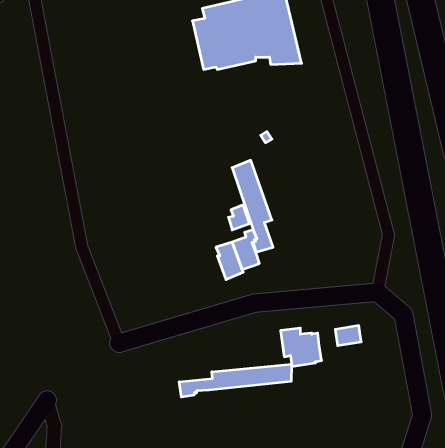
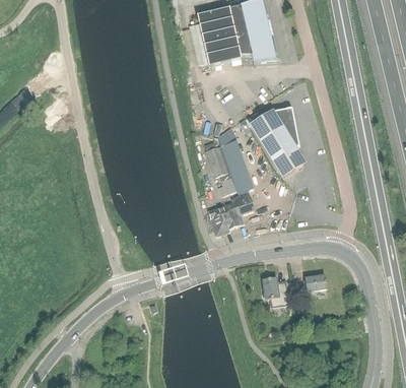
building: none -> [252,107,301,174]
building: none -> [204,143,227,175]
building: [179,364,291,397] -> none

